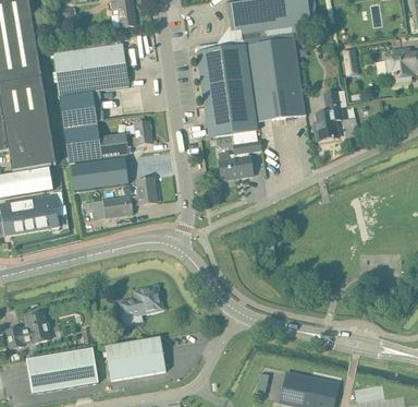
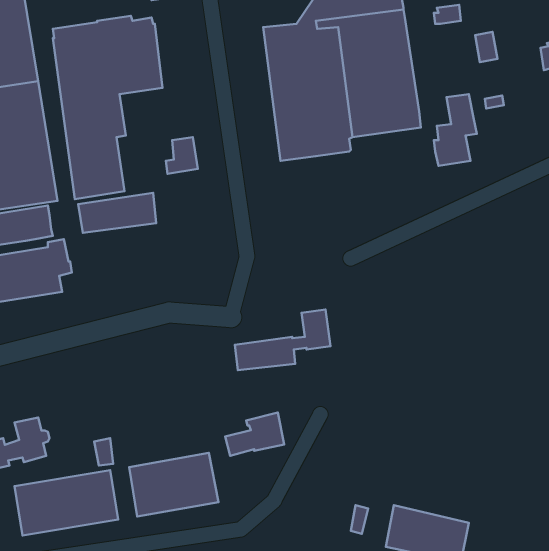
building: [220,130,261,179] -> none
building: [100,132,127,157] -> none
building: [91,177,157,218] -> [235,310,330,370]
building: [121,286,161,315] -> [225,413,284,456]

